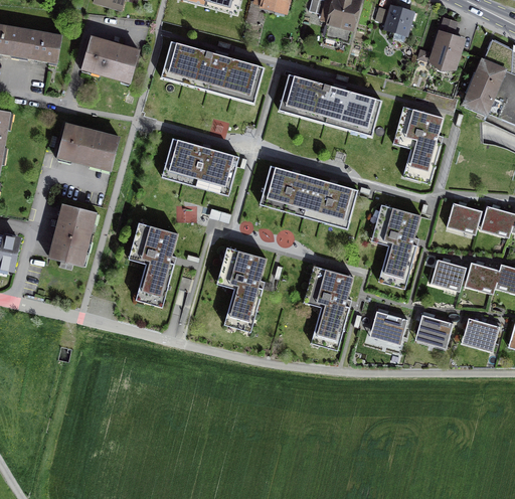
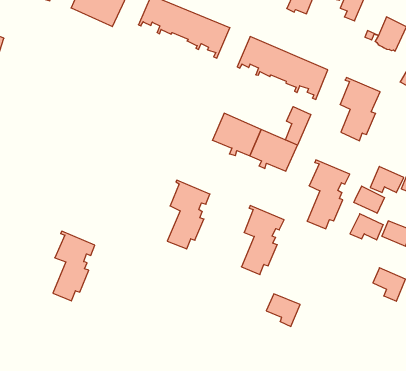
building: [56,124,119,170] -> none
building: [163,138,238,190] -> none
building: none -> [285,107,311,145]
building: [48,204,95,266] -> none
building: [134,222,177,300] -> [53,231,95,301]
building: none -> [354,186,384,213]
building: [370,311,407,345] -> [266,294,300,326]
building: [415,314,453,348] -> none

